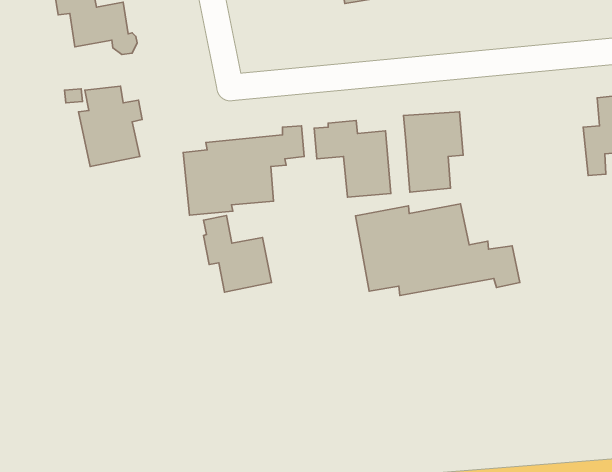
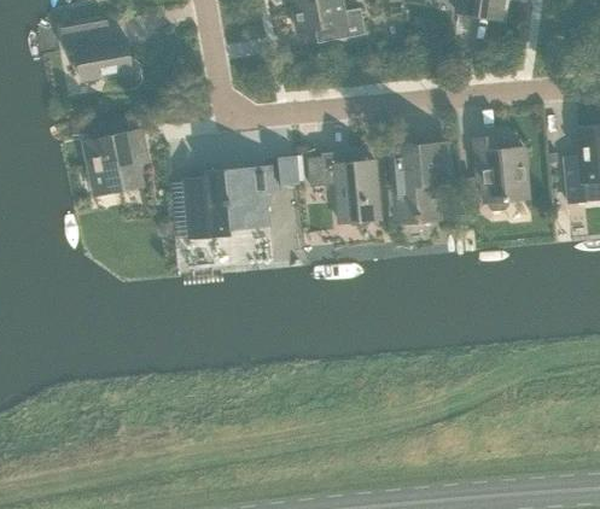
building: none -> [474,138,526,203]
building: [355,204,520,295] -> none
building: [204,216,271,292] -> none

